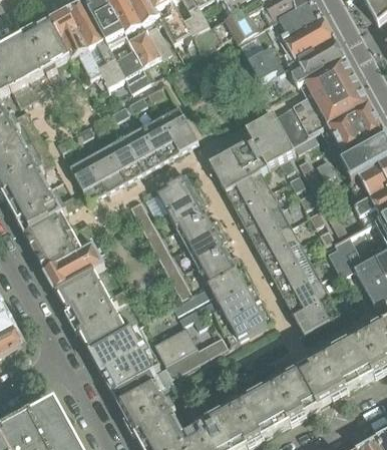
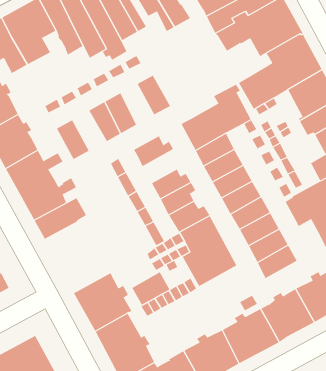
building: [142,115,179,161] -> none
building: [88,145,126,190] -> none
building: [166,188,208,227] -> none
building: [57,270,131,350] -> none

